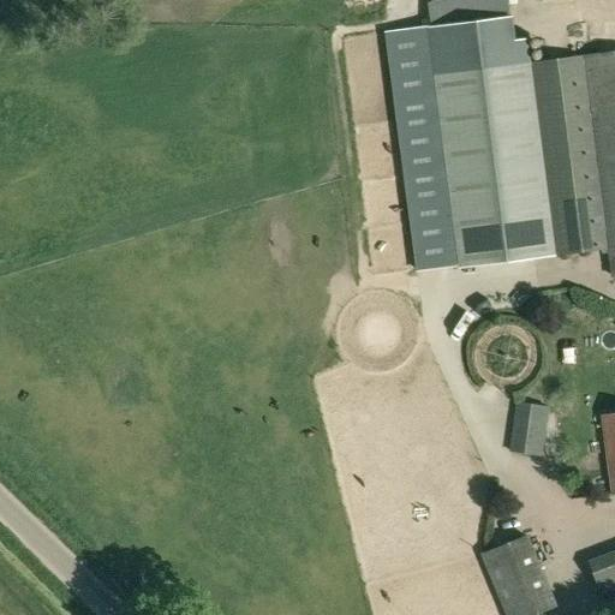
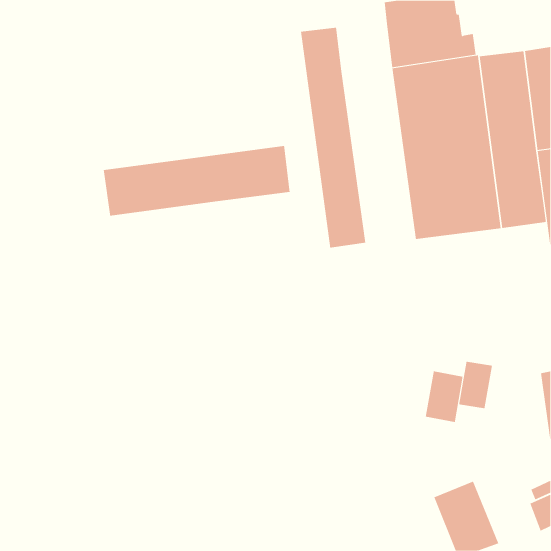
building: [389,26,462,273] -> [300,27,366,248]
building: none -> [103,145,290,216]
building: none -> [425,371,463,423]

